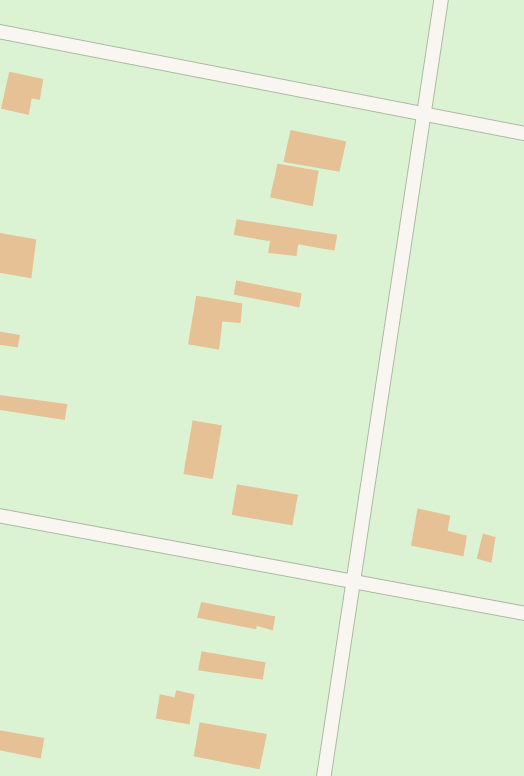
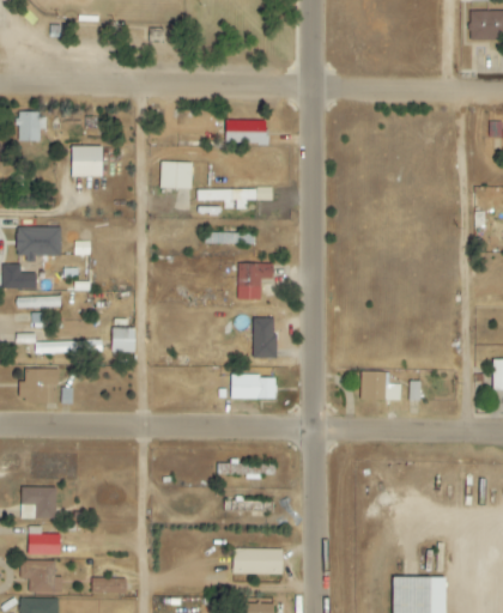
building: none -> [71,146,102,176]
building: [269,163,320,207] -> [159,162,192,188]
building: [187,295,243,350] -> [237,263,273,299]
building: none -> [111,328,134,352]
building: [182,420,223,480] -> [253,318,275,358]
building: [155,690,195,725] -> none

